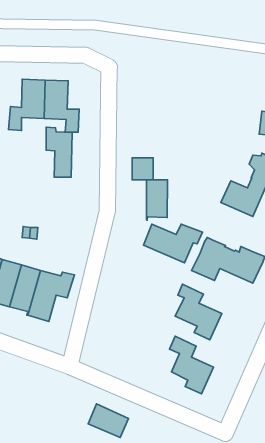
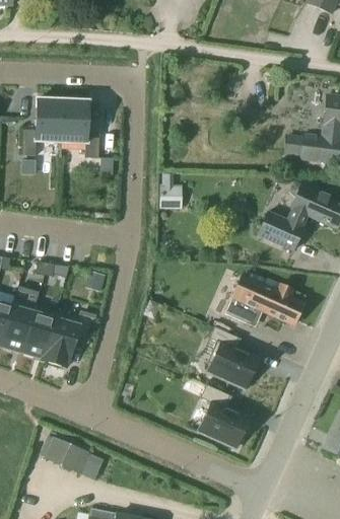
building: [46,127,72,177] -> none
building: [146,180,167,220] -> none
building: [143,224,203,263] -> none
building: [88,404,128,438] -> [42,437,86,474]

